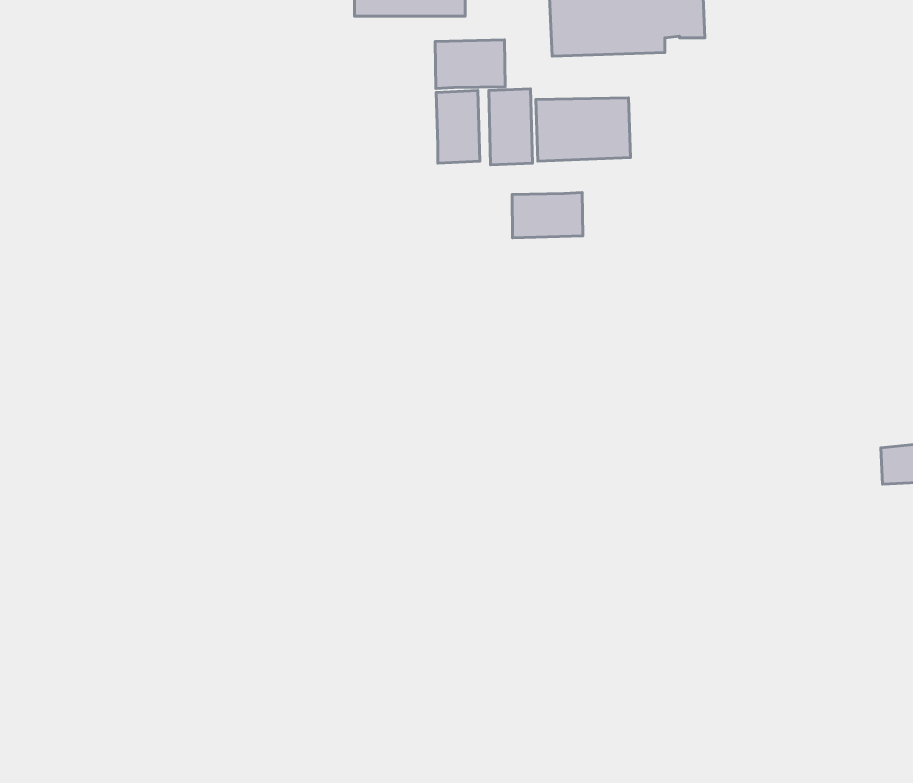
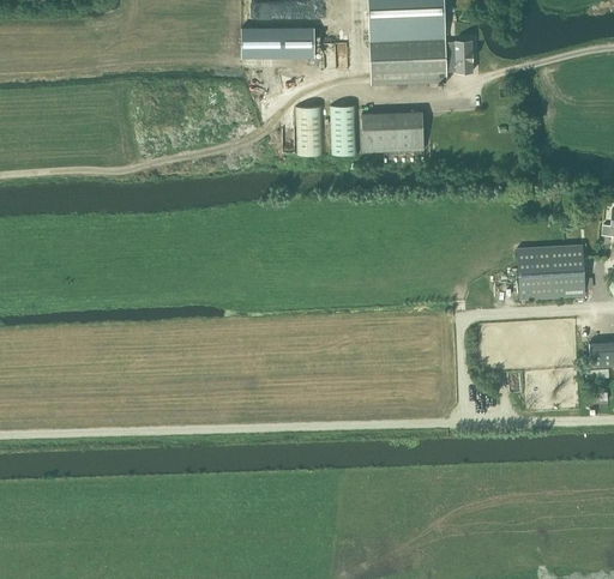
building: [435,40,505,88] -> none
building: [512,192,583,238] -> none
building: none -> [517,245,585,300]

